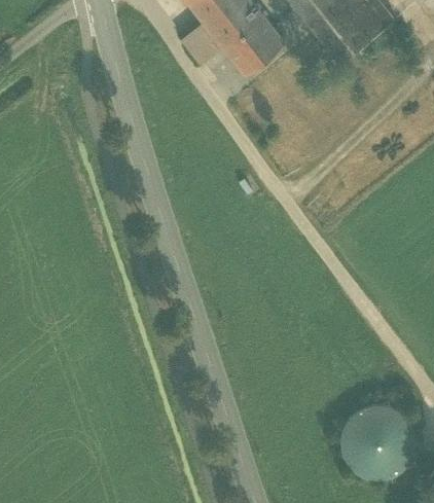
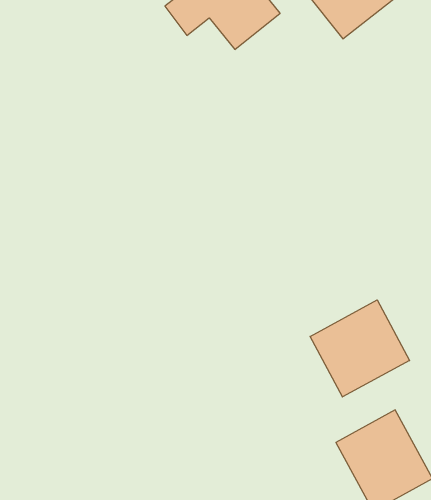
building: none -> [310,300,410,397]

